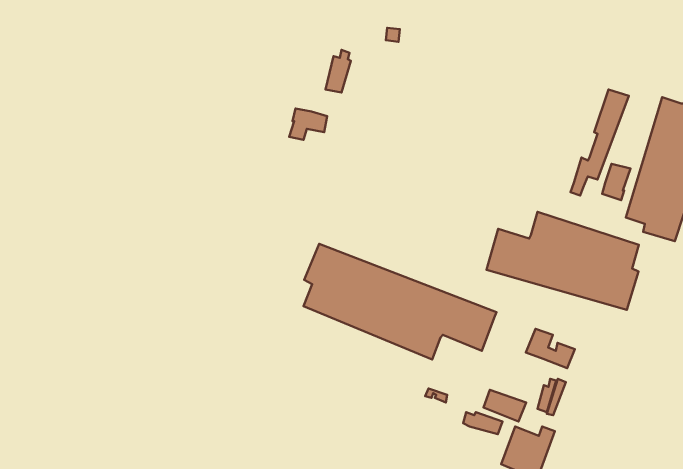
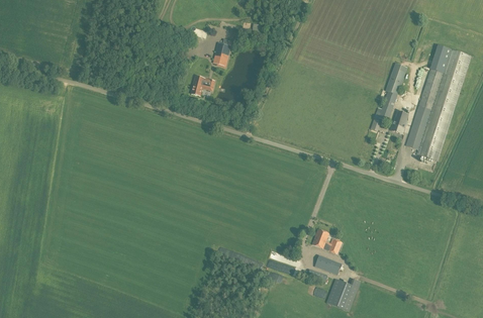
building: [487,212,639,310] -> none
building: [304,244,496,360] -> none
building: [526,329,575,368] -> [310,228,342,253]

